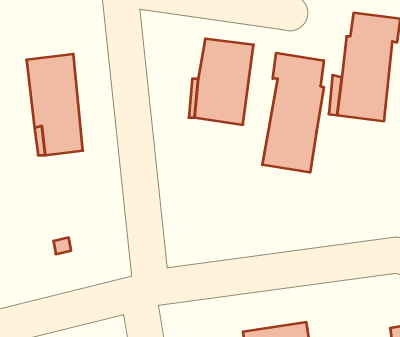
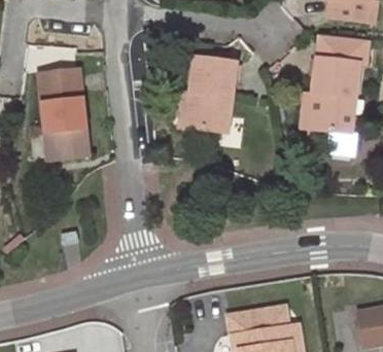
building: [262,53,324,172] -> none

